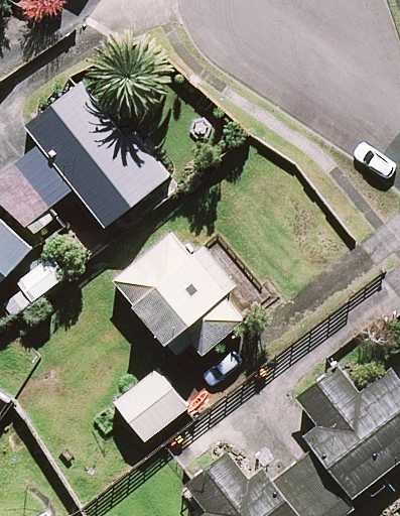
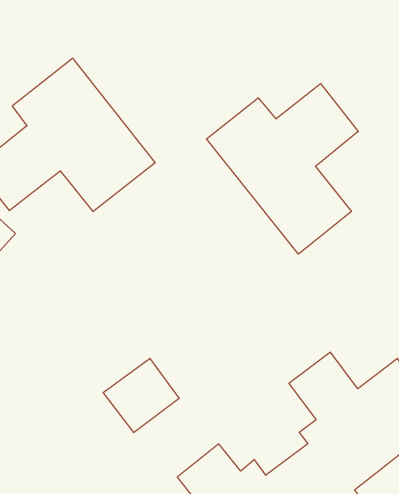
building: none -> [207,84,358,254]
building: [113,235,242,356] -> none

